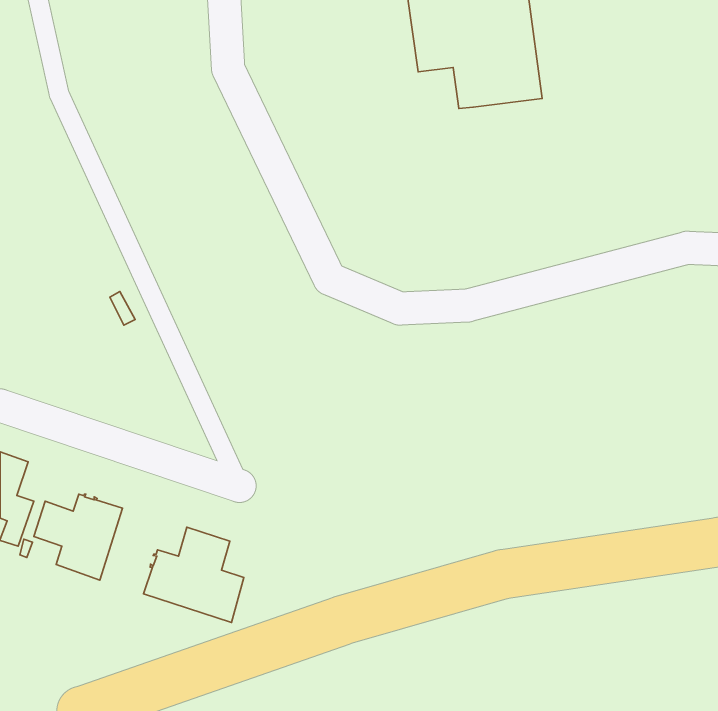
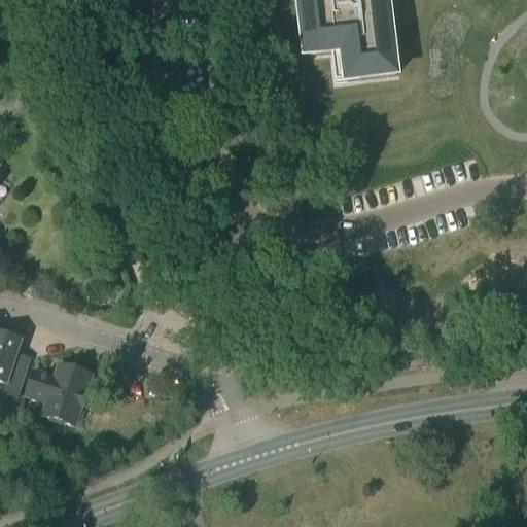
building: [144,527,244,622] -> none

